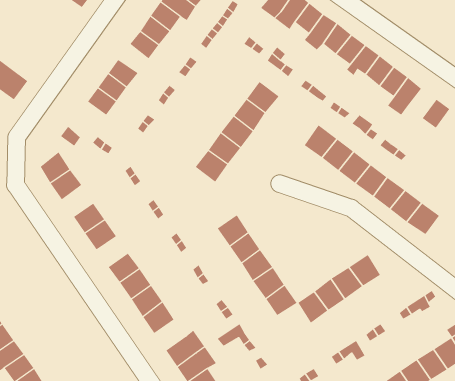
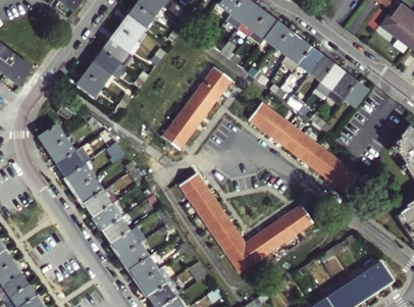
building: none -> [102,38,132,65]
building: none -> [327,73,355,103]
building: none -> [57,146,89,175]
building: none -> [85,187,116,215]
building: none -> [228,244,255,270]
building: none -> [131,252,162,282]

